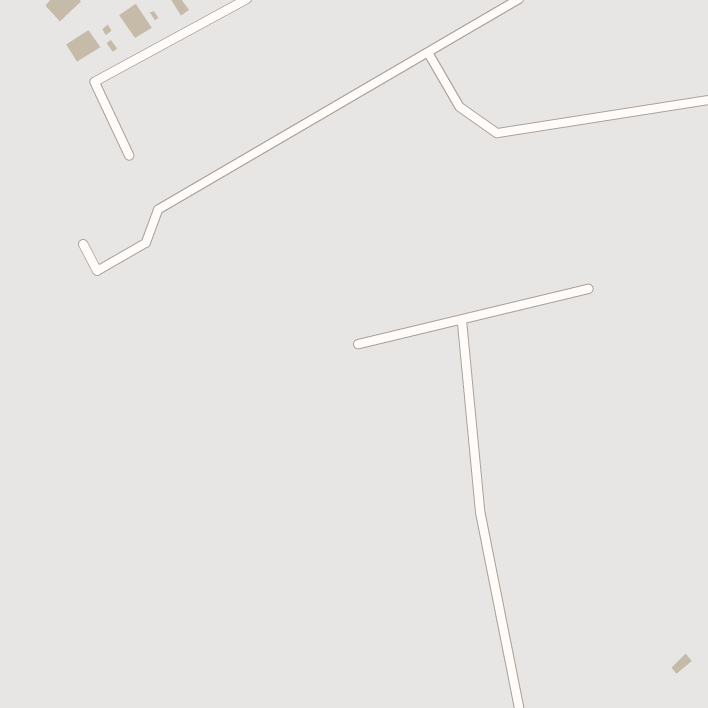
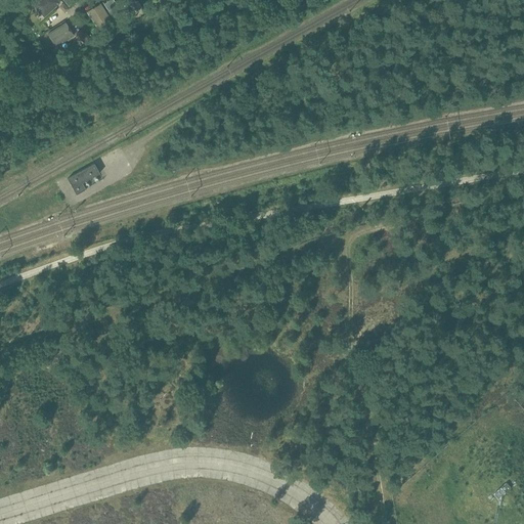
building: none -> [68,162,99,193]

